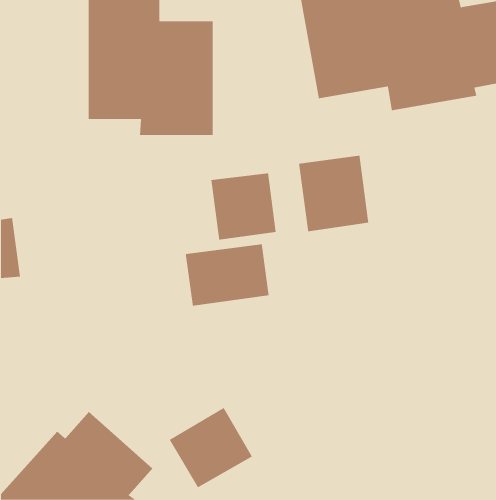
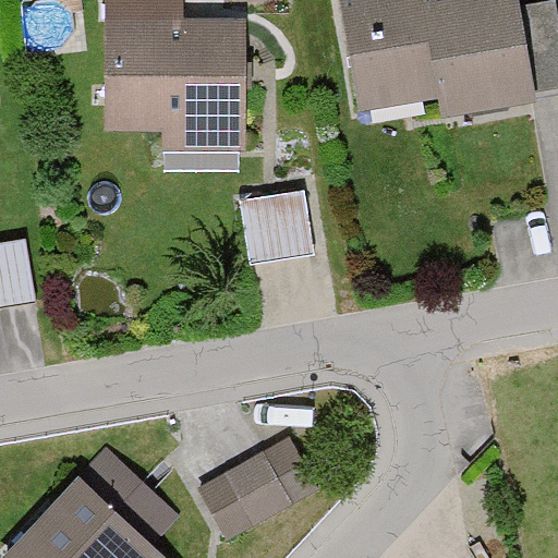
building: [298,155,369,232] -> none
building: [185,243,269,307] -> none

